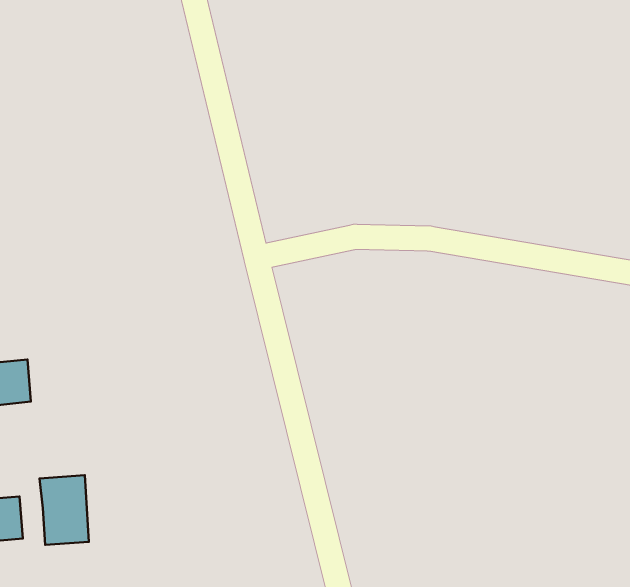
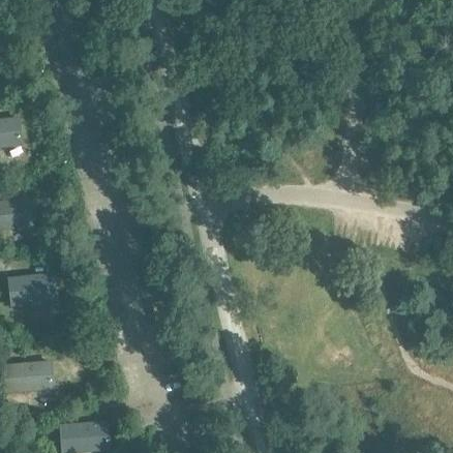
building: [40,475,89,545] -> none

